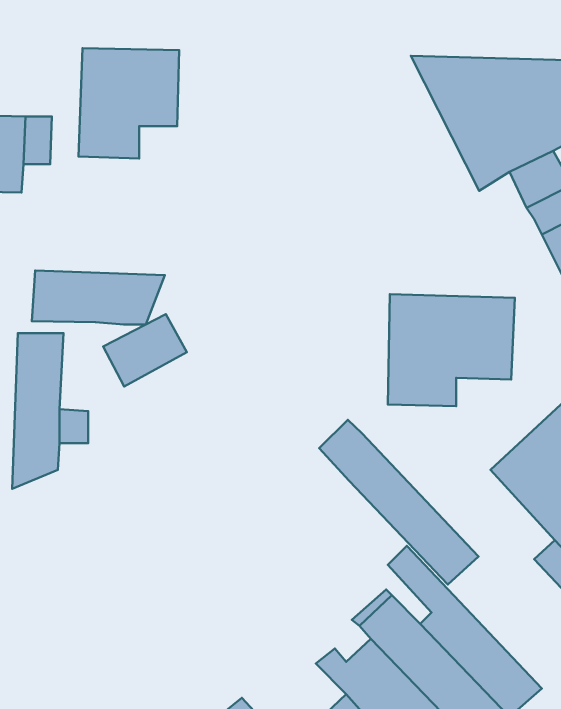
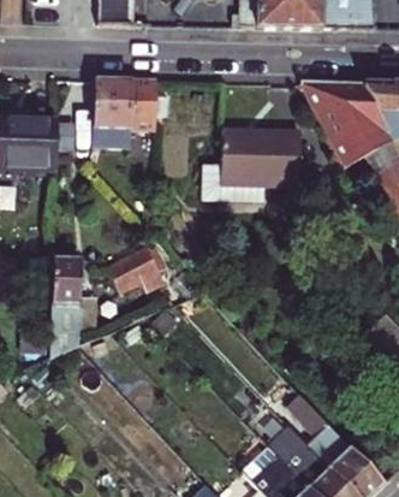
building: [32,270,165,325] -> none
building: [388,294,515,406] -> [220,130,300,201]
building: [319,420,479,584] -> none

